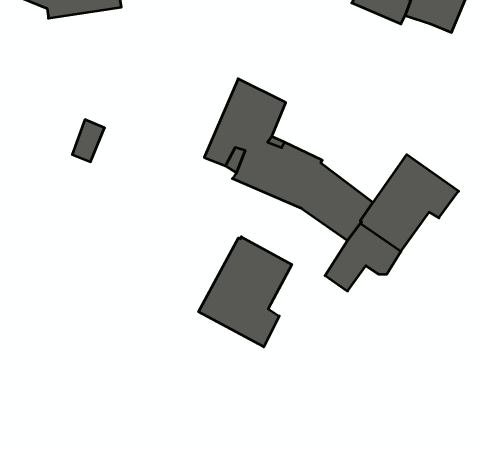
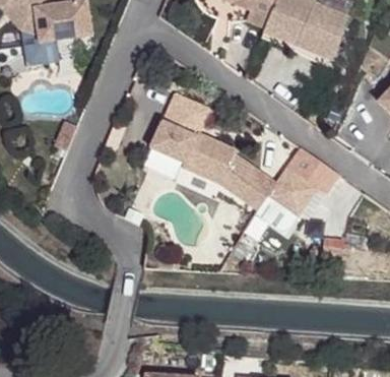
building: [199,237,292,347] -> none

